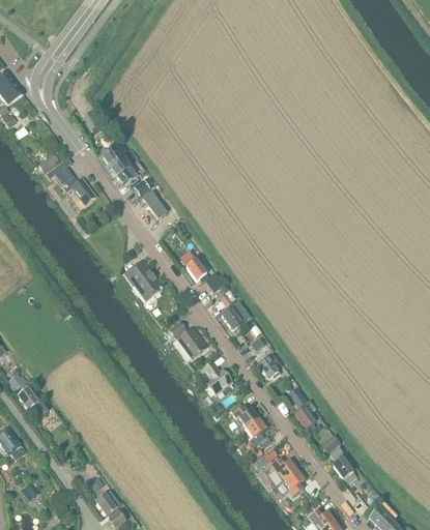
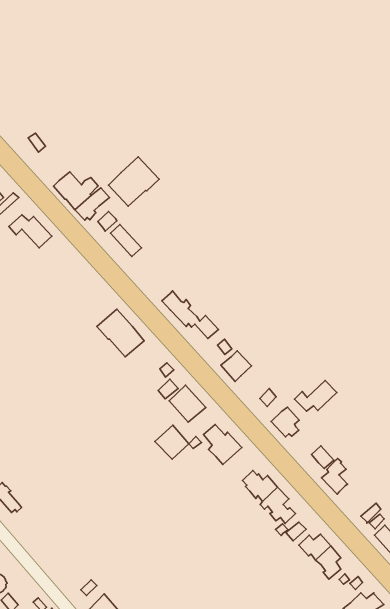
building: none -> [108,157,159,206]
building: none -> [295,380,337,411]
building: none -> [155,425,189,459]

